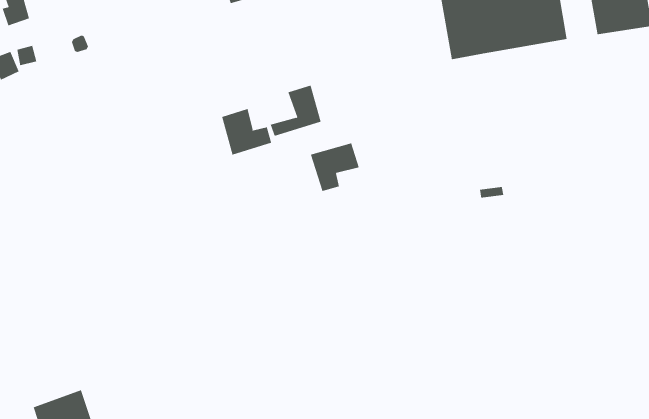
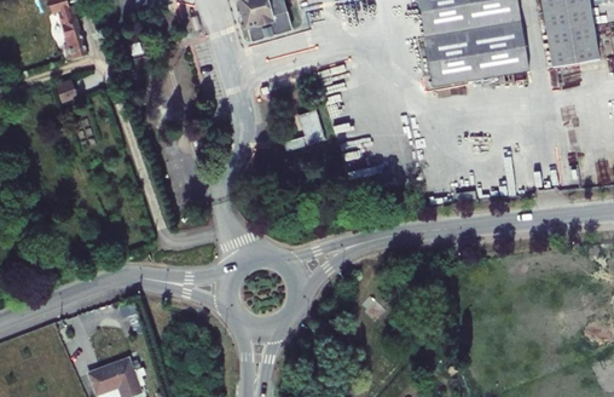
building: [221,108,272,156] -> none
building: [310,143,360,192] -> none

